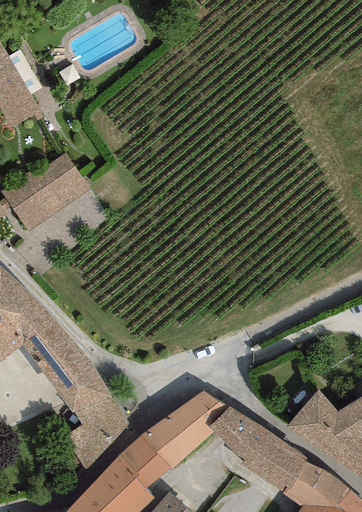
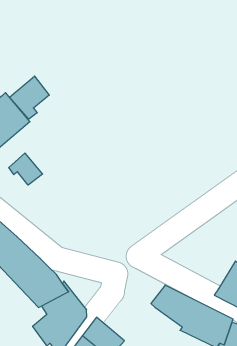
building: none -> [9,76,49,119]
building: none -> [9,153,43,185]
building: [140,389,228,470] -> none

